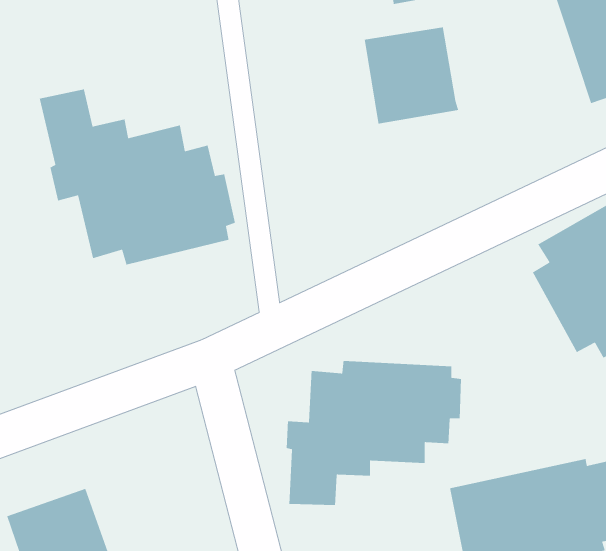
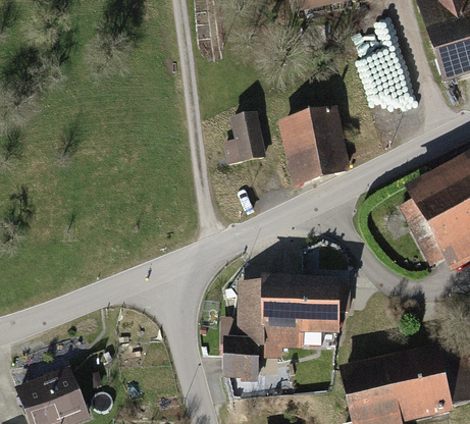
building: [364,26,459,124] -> [280,111,350,182]
building: [39,88,236,266] -> none
building: none -> [221,112,267,166]

